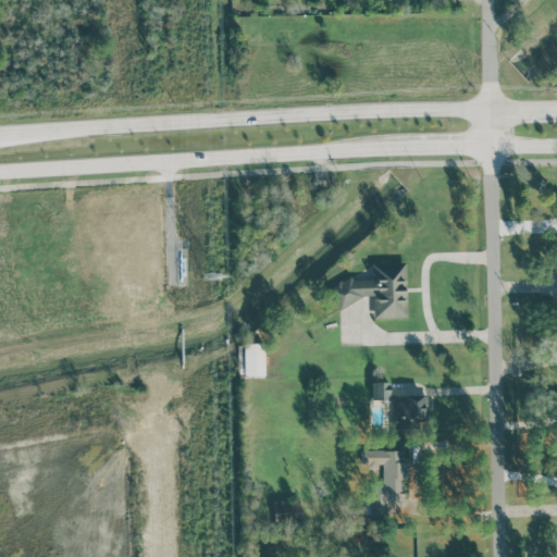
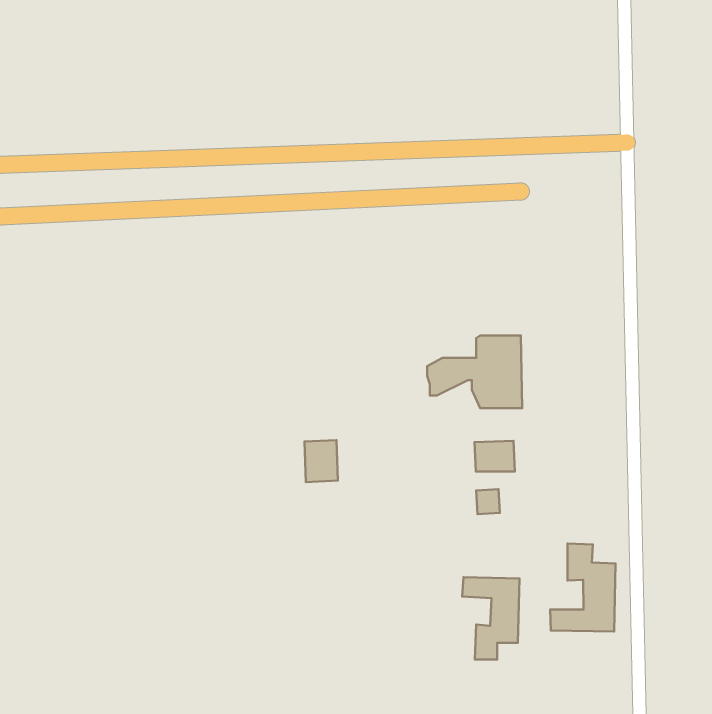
building: [396,395,428,419] -> [474,441,515,471]
building: none -> [550,543,616,632]

